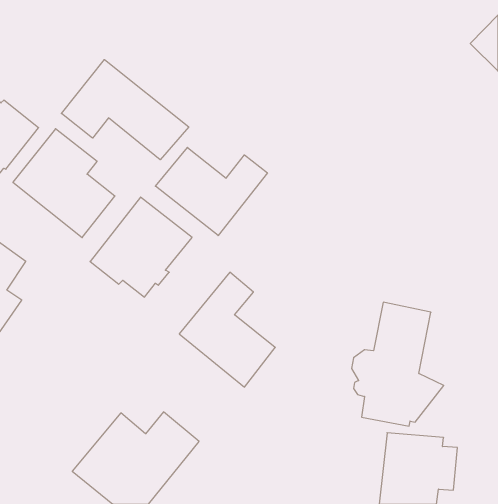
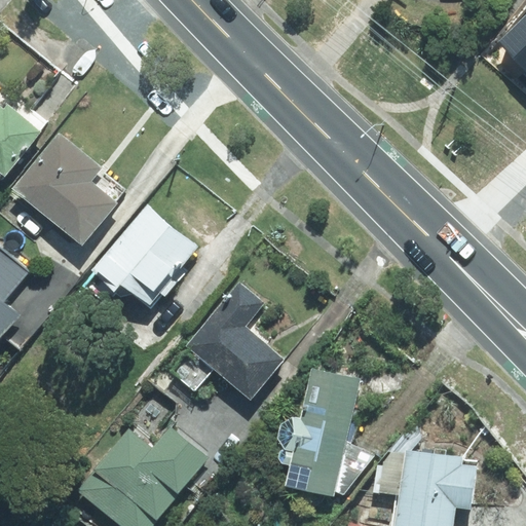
building: [61,60,189,160] -> none
building: [155,147,267,236] -> none
building: [352,302,444,426] -> [275,367,371,495]

